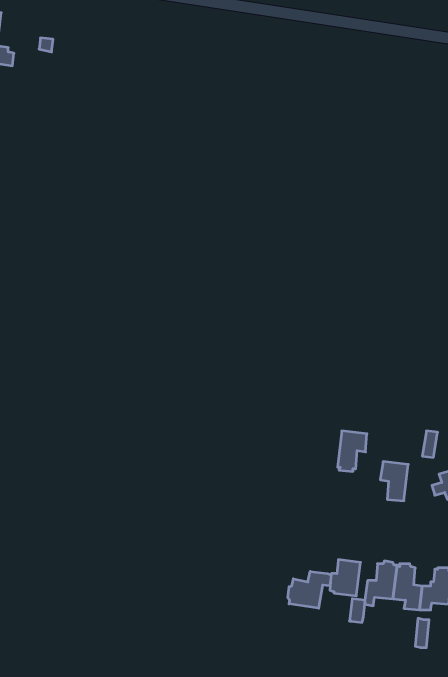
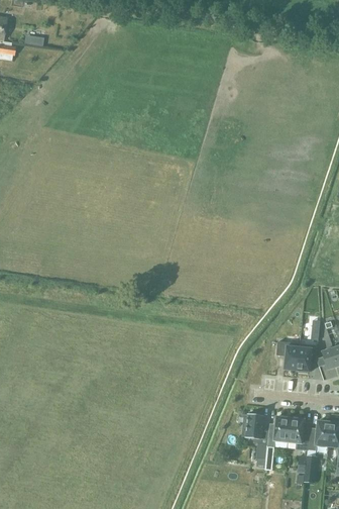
building: [338,431,367,471] -> [297,344,318,374]
building: [288,571,331,608] -> none

